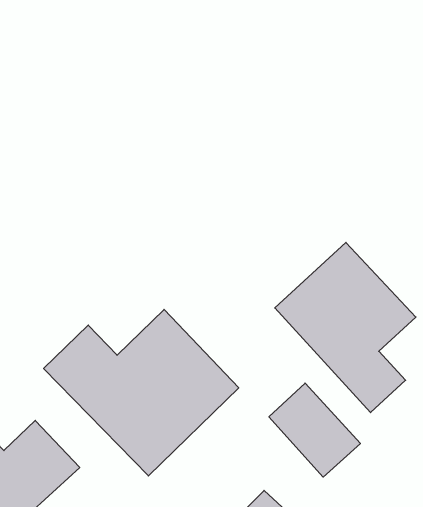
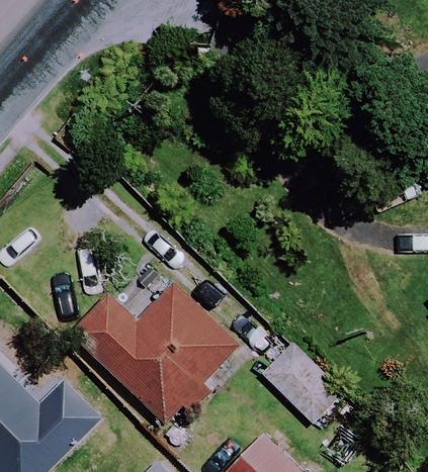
building: [275,242,416,413] -> none

